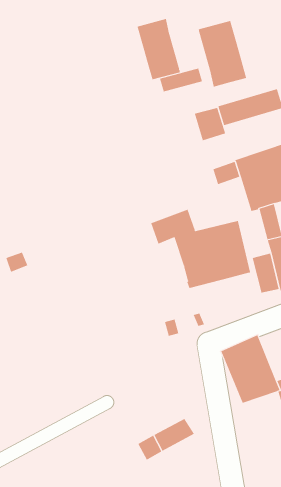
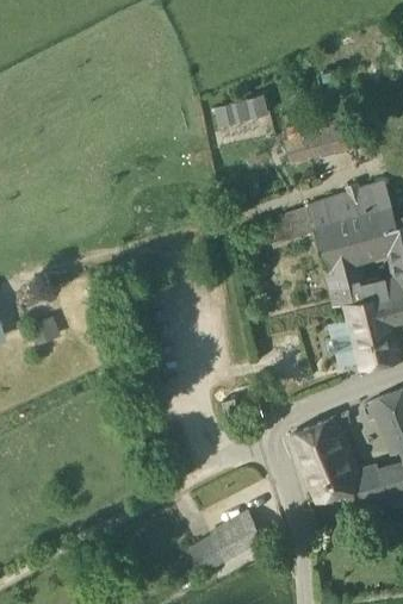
building: [137,18,180,80] -> none
building: [198,20,247,88] -> none
building: [194,107,226,141] -> none
building: [150,209,251,289] -> none

